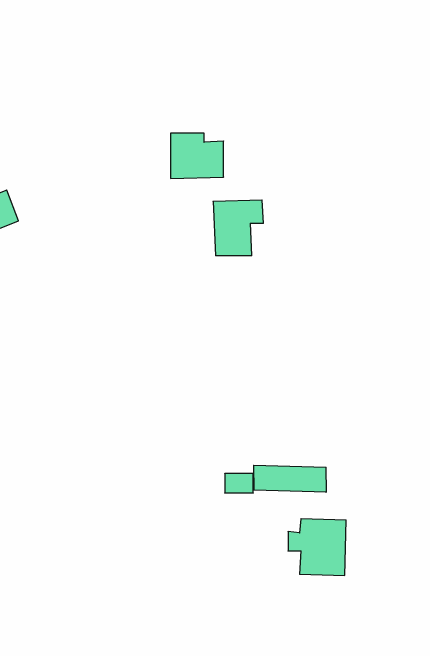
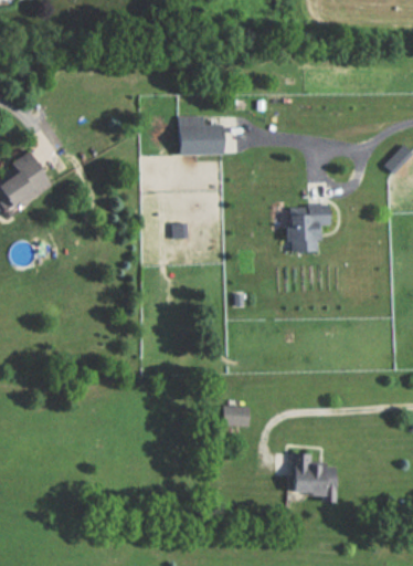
building: [213,200,263,256] -> [288,206,331,253]
building: [254,465,326,492] -> none

